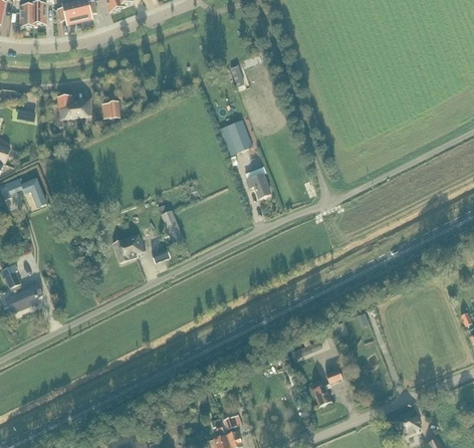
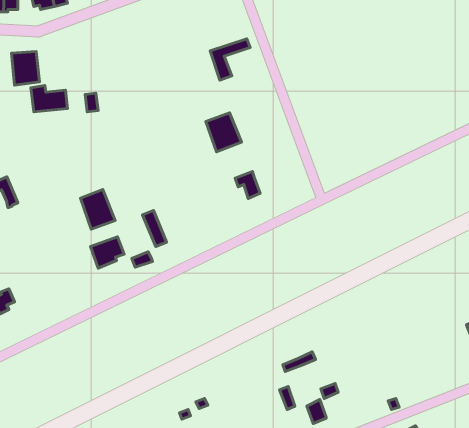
building: none -> [12,51,40,85]
building: none -> [81,190,115,229]

